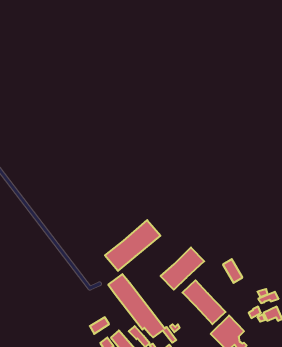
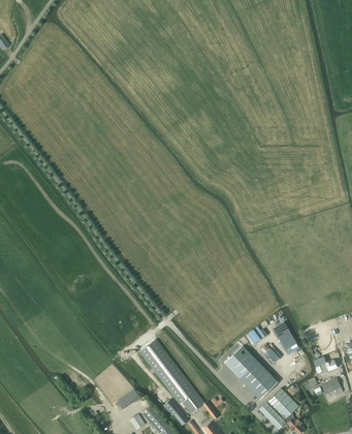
building: [105,220,160,271] -> none
building: [161,247,204,290] -> none

